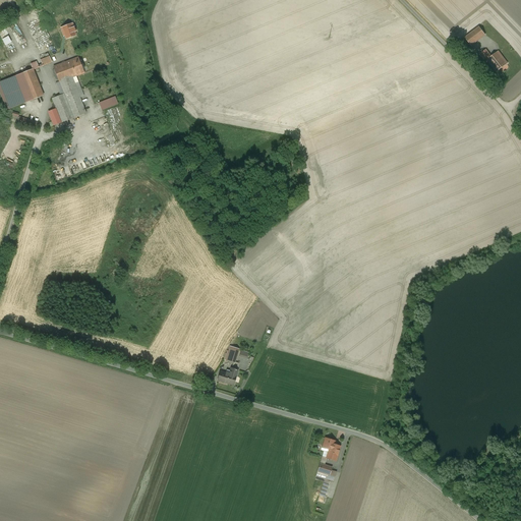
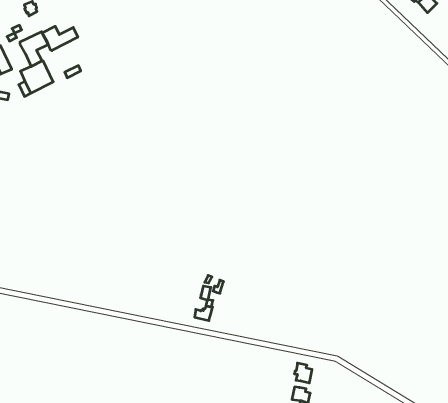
building: none -> [42,26,78,51]

